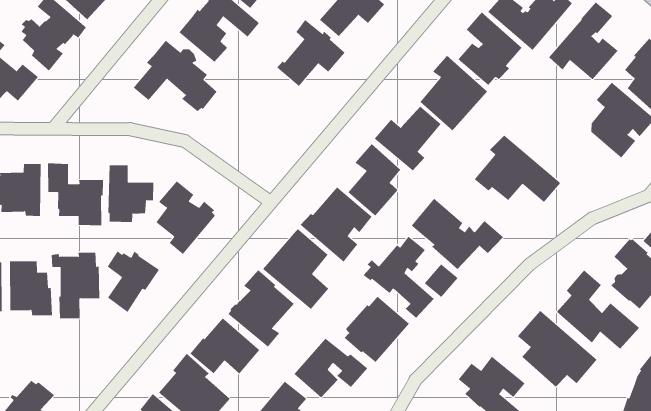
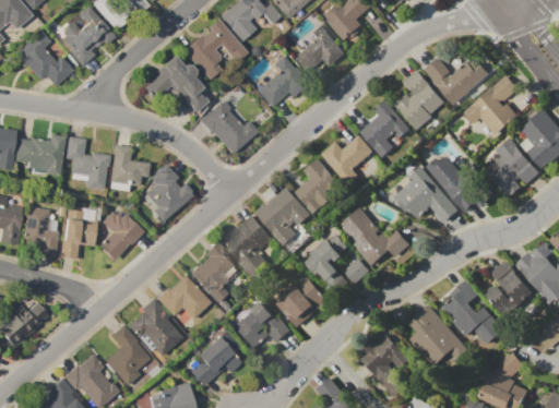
building: none -> [199,99,255,153]
building: none -> [428,155,484,214]

